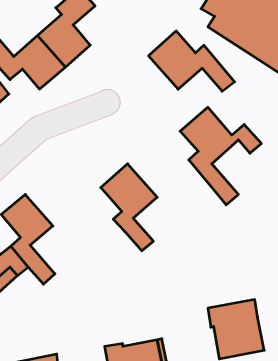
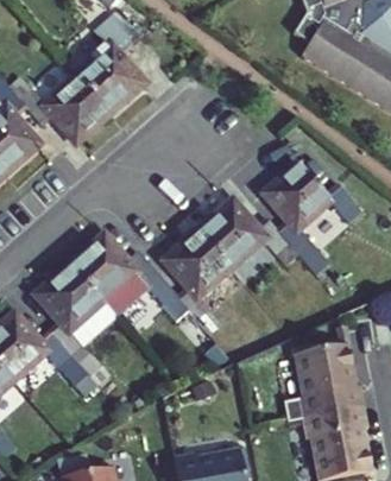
building: [149,31,235,91] -> [197,197,304,272]
building: none -> [70,238,194,323]
building: none -> [282,335,355,410]

